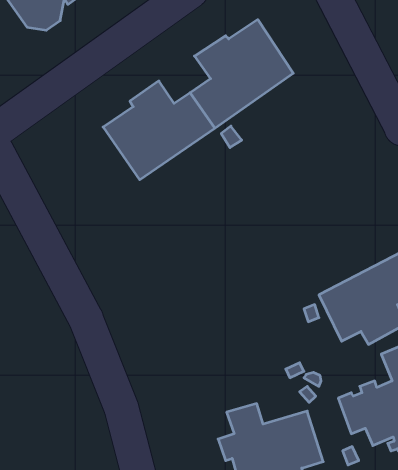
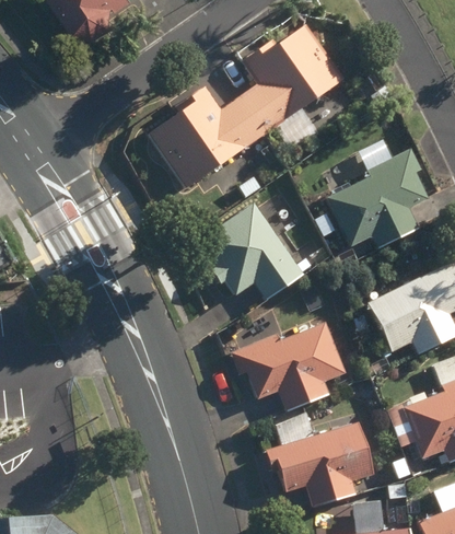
building: none -> [328,148,430,248]
building: none -> [199,201,304,299]
building: none -> [233,322,346,410]

